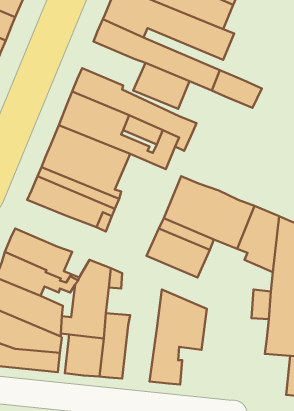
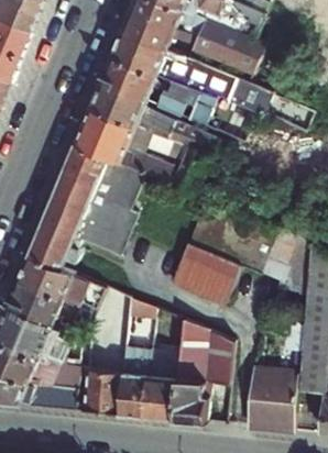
building: none -> [99,54,155,101]
building: none -> [26,224,80,275]
building: none -> [142,360,179,420]
building: none -> [245,369,298,432]

